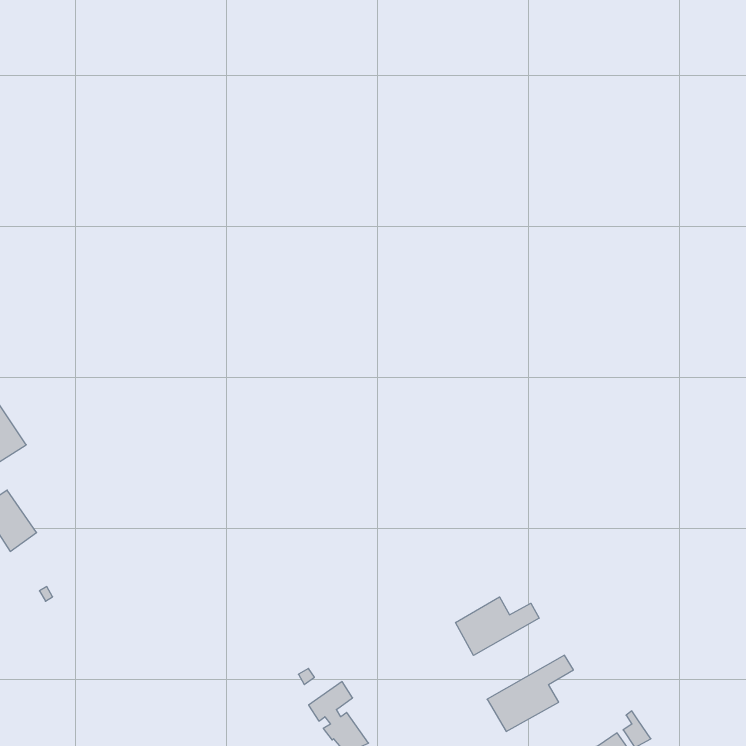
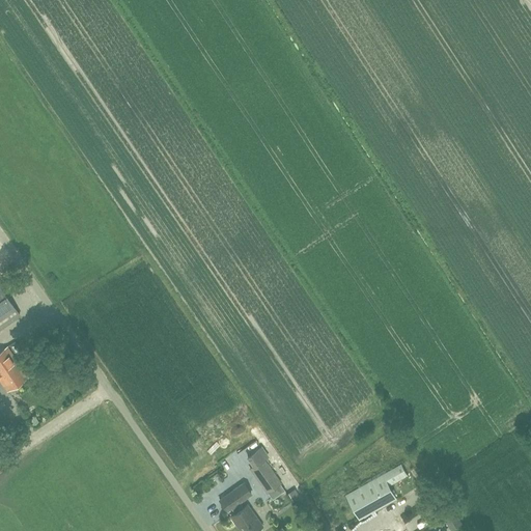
building: [456,597,539,655] -> none
building: none -> [240,447,280,494]

